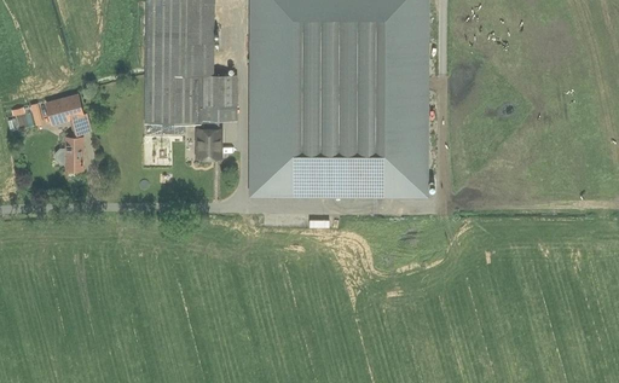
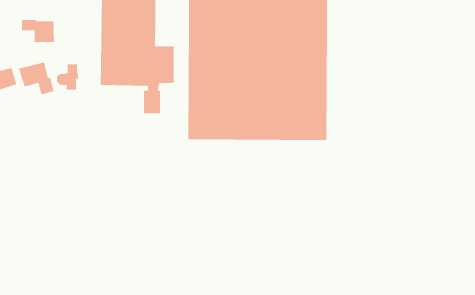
building: none -> [22,19,54,43]
building: [54,139,82,172] -> [56,64,79,90]

